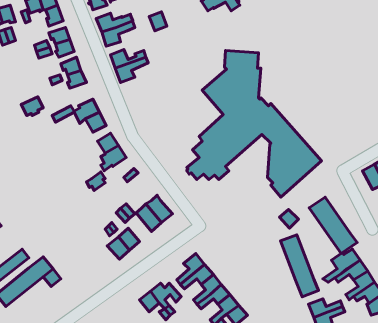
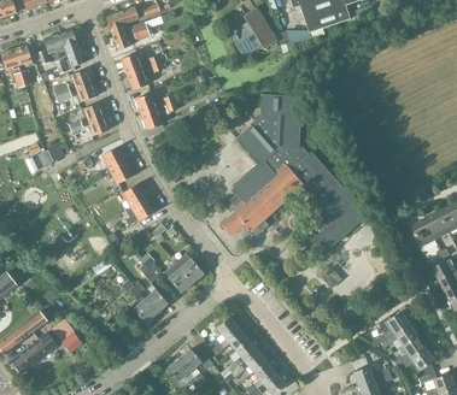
building: [309,197,357,253] -> none
building: [281,235,318,297] -> none

